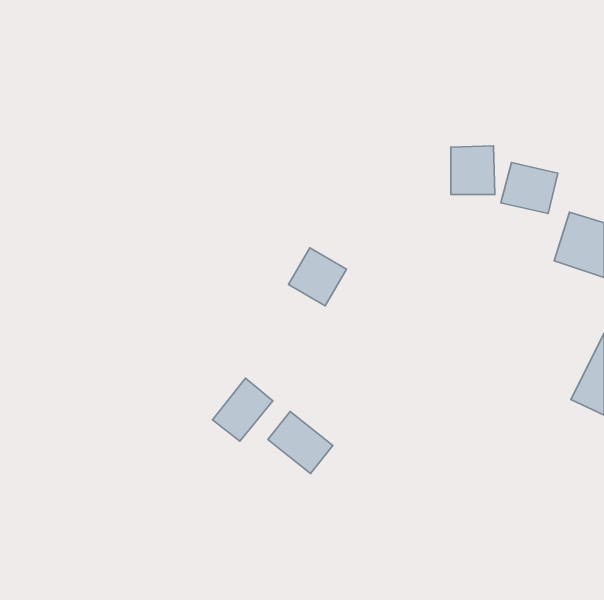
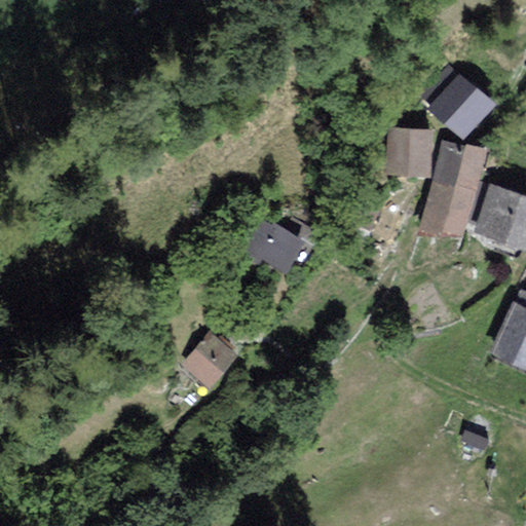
building: none -> [435,78,491,135]
building: none -> [423,181,475,234]
building: [268,411,333,474] -> none

